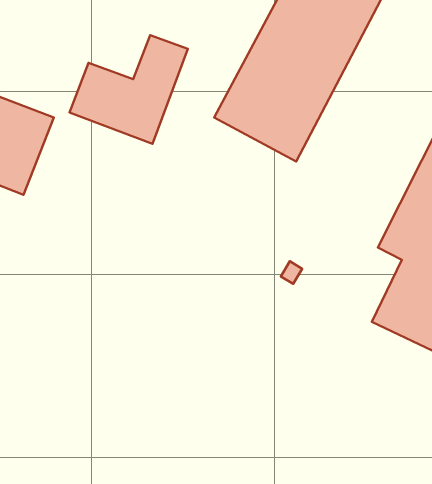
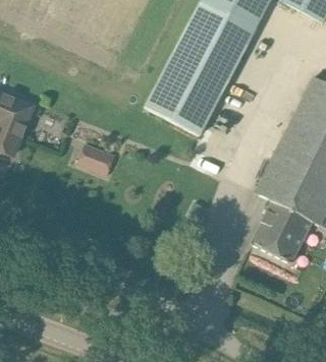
building: [69,35,188,144] -> none
building: none -> [76,142,115,175]

